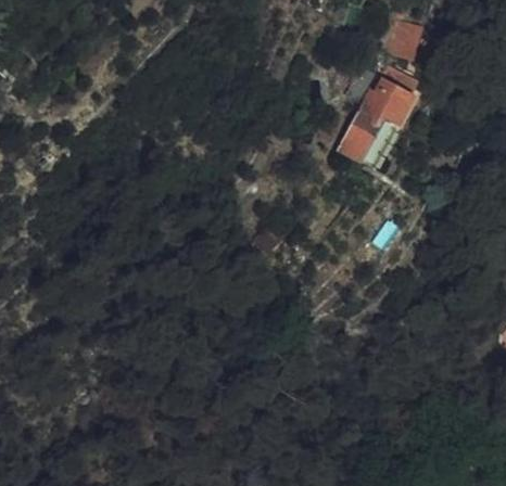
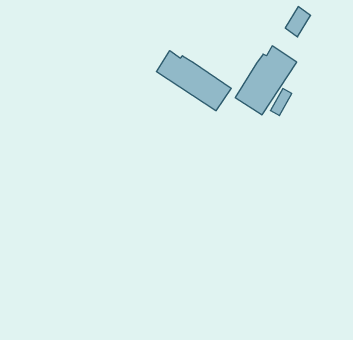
building: none -> [156,51,231,111]

